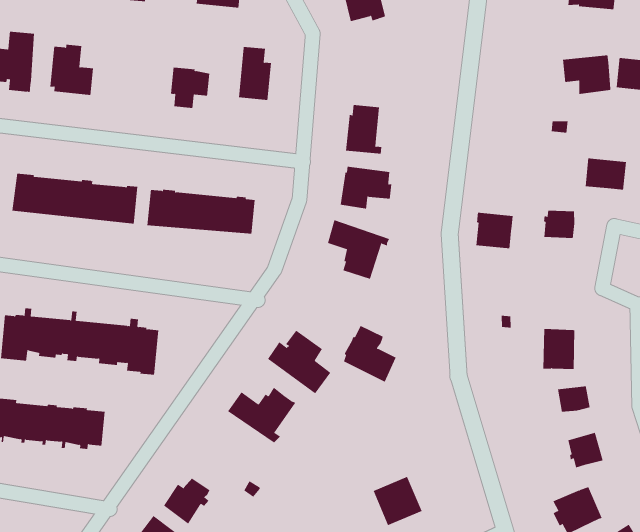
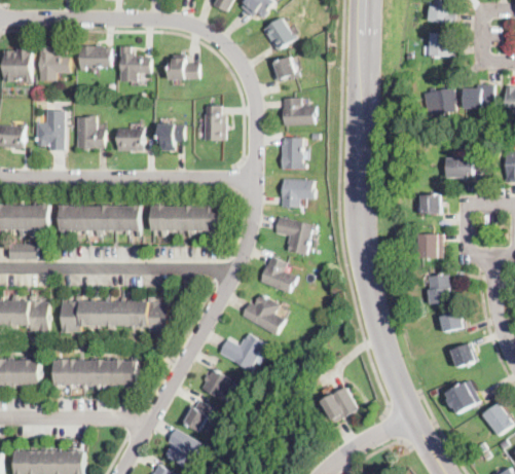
building: none -> [282,98,317,125]
building: none -> [117,126,144,150]
building: [476,212,513,249] -> [417,234,442,257]
building: [343,325,397,382] -> [260,256,296,293]
building: none -> [200,368,233,403]

